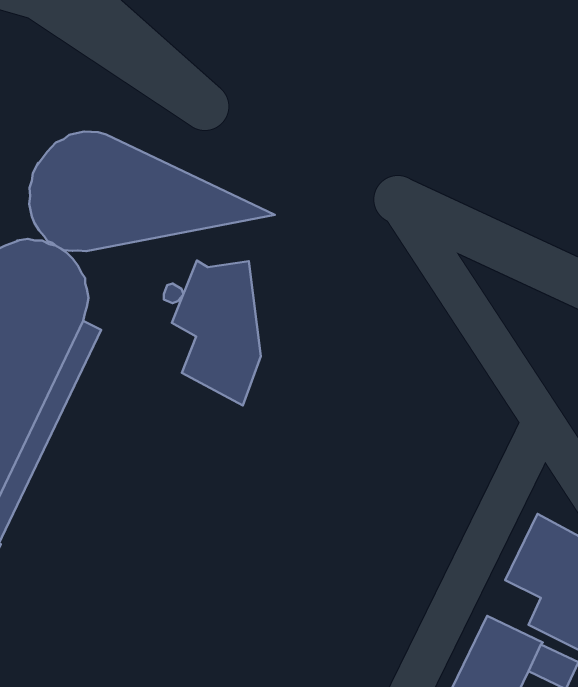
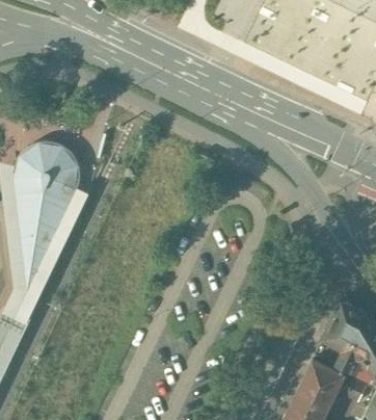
building: [29,132,275,251] -> none
building: [172,261,261,405] -> none

